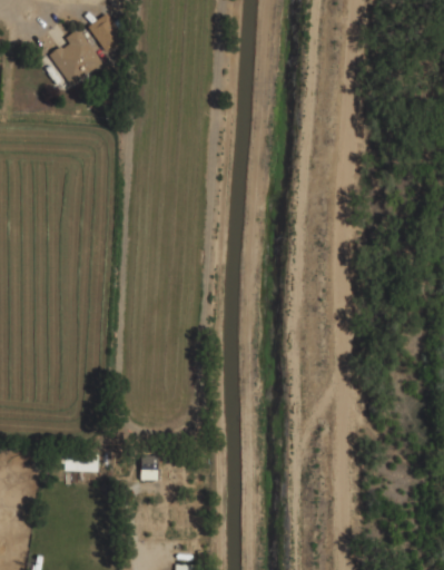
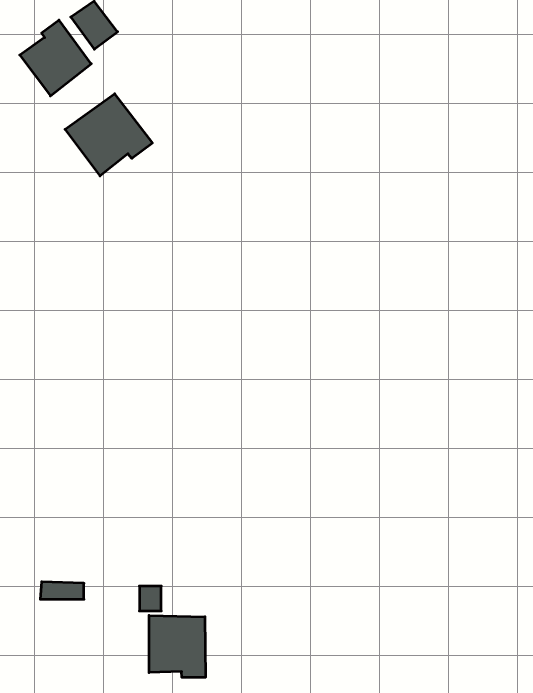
building: none -> [65,94,152,176]
building: none -> [149,615,205,677]

